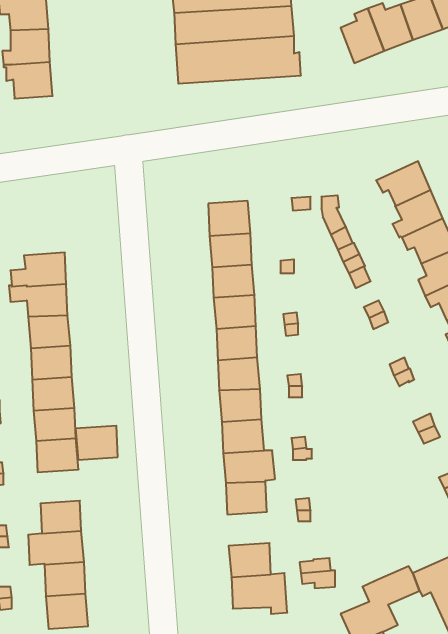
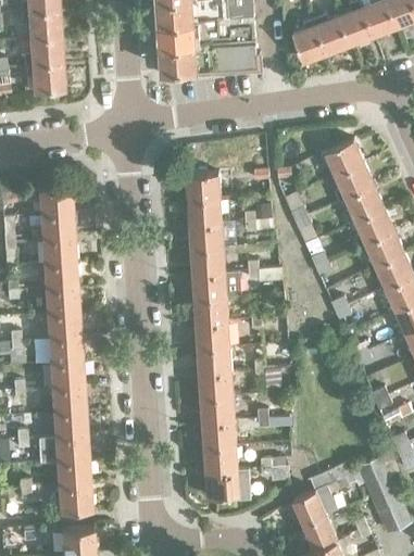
building: none -> [29,189,73,217]
building: [75,426,118,460] -> [51,388,85,415]
building: none -> [202,421,236,448]

